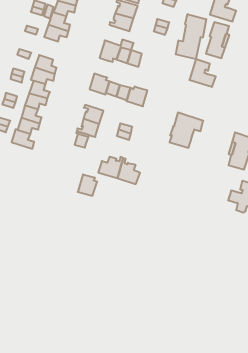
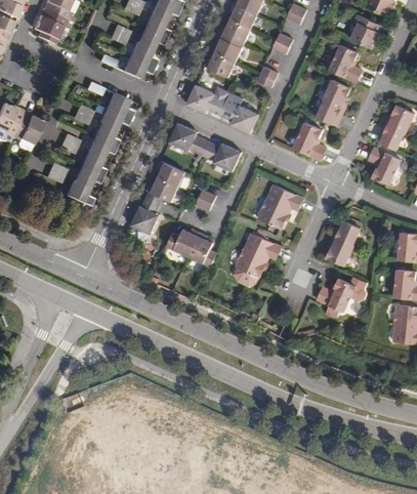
building: [176,14,206,59] -> none
building: none -> [232,106,257,133]
building: none -> [234,233,281,284]
building: [78,174,97,196] -> [129,206,155,234]

